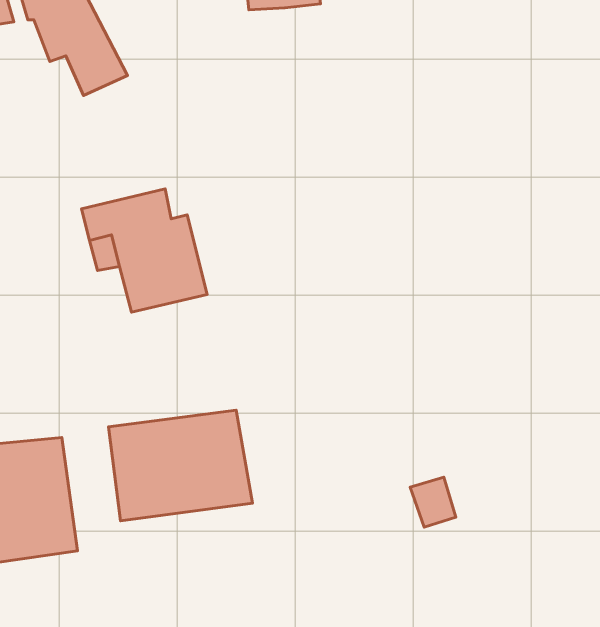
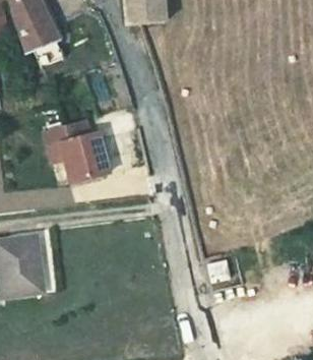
building: [108,410,253,521] -> none

